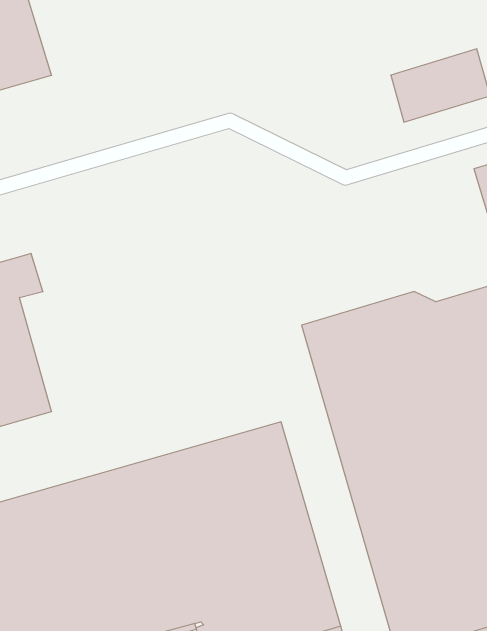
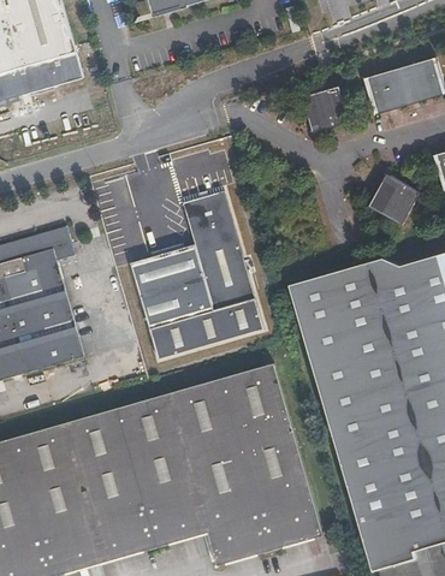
building: none -> [301,85,350,135]
building: none -> [368,173,420,225]
building: none -> [132,190,265,360]

